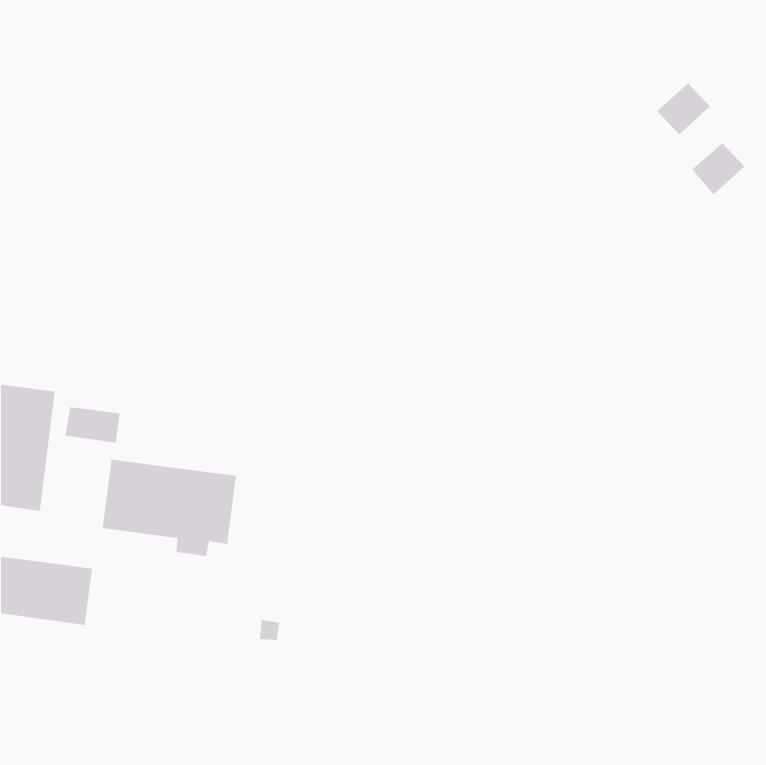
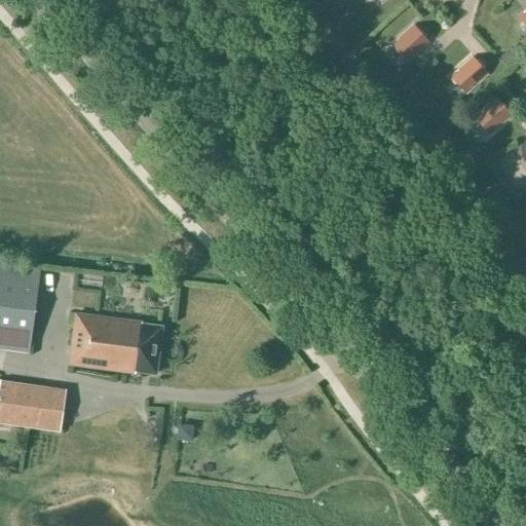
building: none -> [391,25,428,61]
building: [65,407,120,443] -> none

